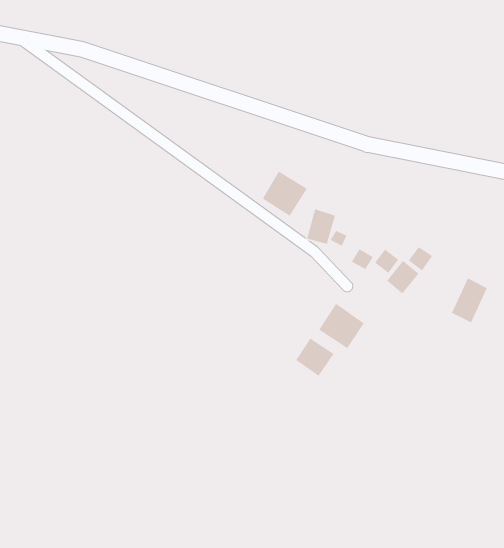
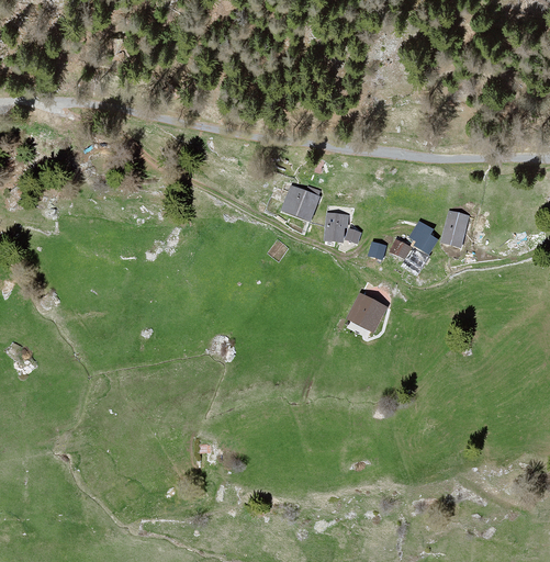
building: [451,277,488,324] -> [441,207,471,248]
building: [295,338,335,377] -> none

